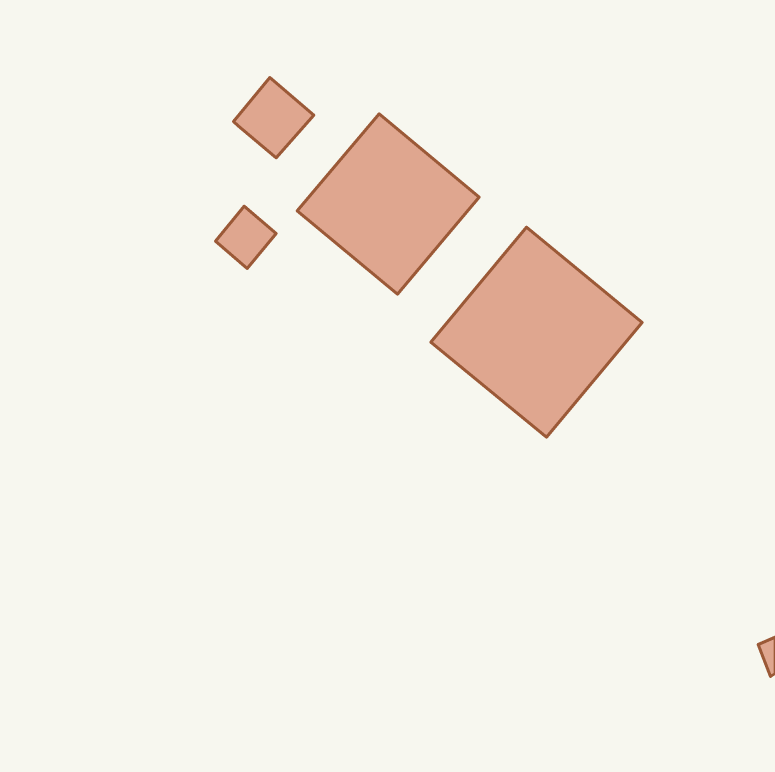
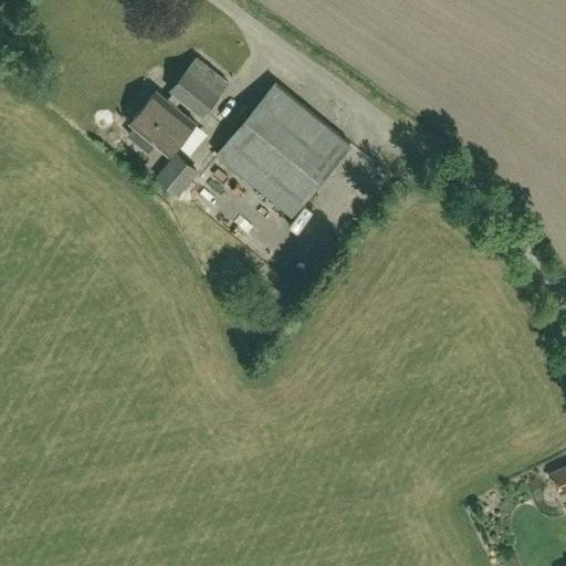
building: none -> [128,91,195,157]
building: [431,227,642,437] -> none

